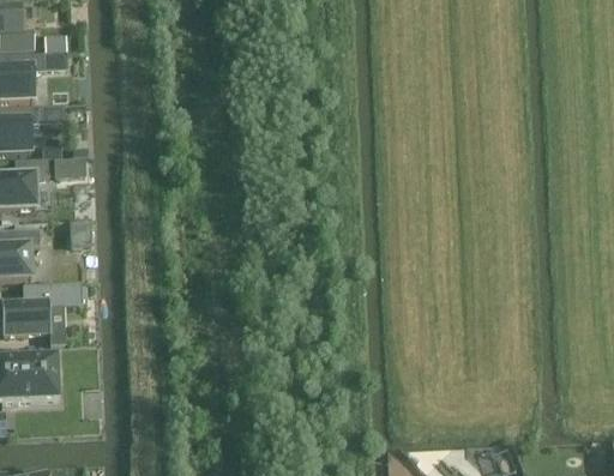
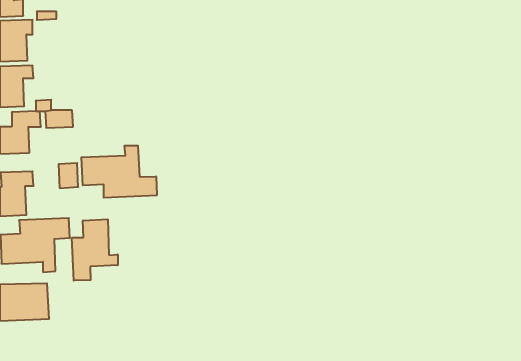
building: none -> [81,146,157,198]
building: none -> [72,219,118,281]

